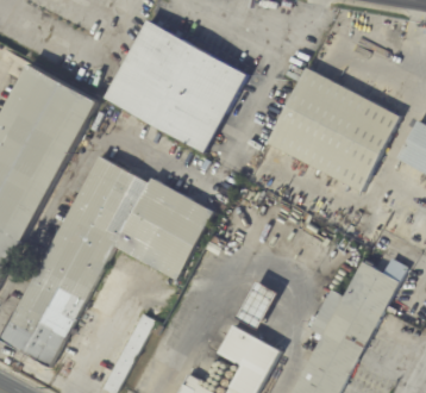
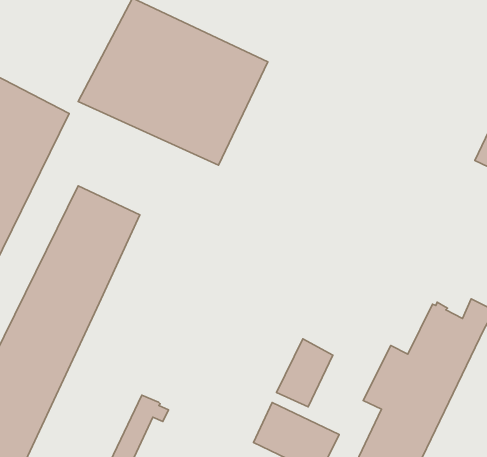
building: [267,64,400,191] -> none
building: [113,181,213,279] -> none

